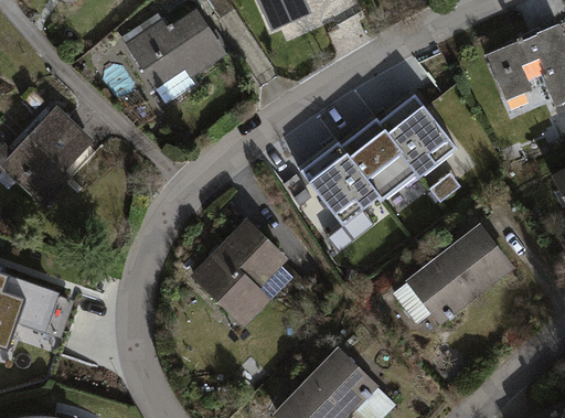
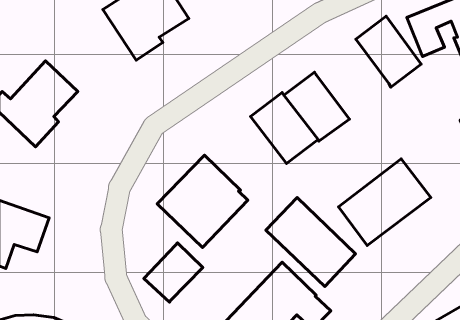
building: [379,95,457,180] -> [356,16,421,87]
building: none -> [266,198,356,287]
building: none -> [144,243,203,302]

